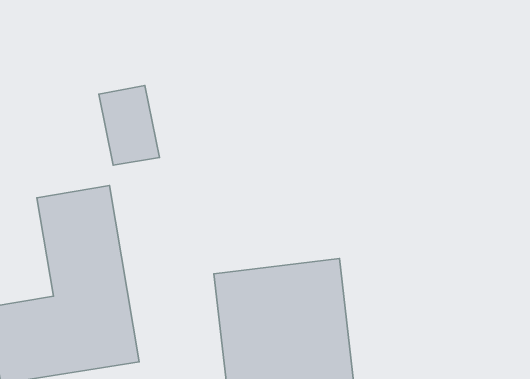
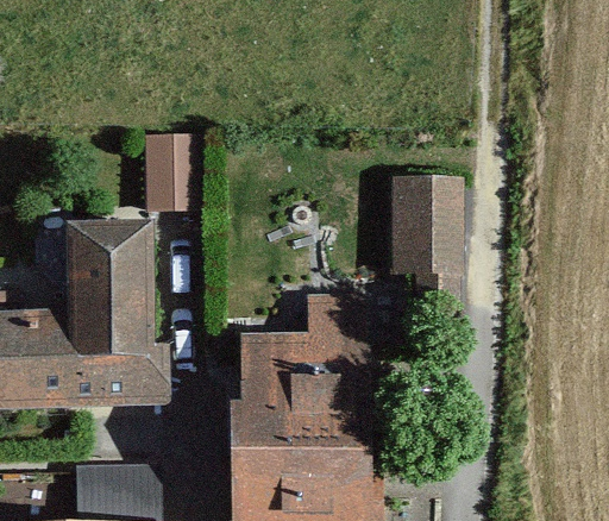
building: none -> [393,169,470,268]

